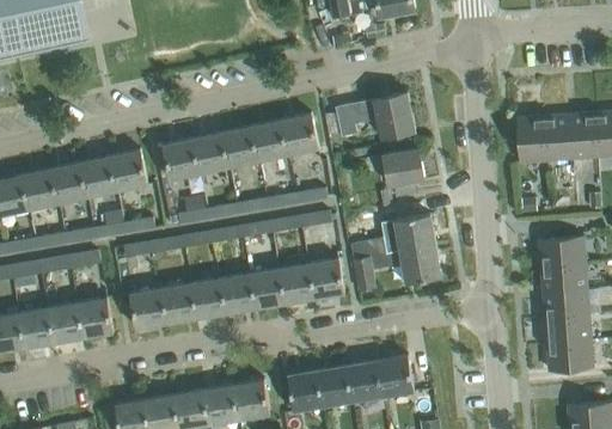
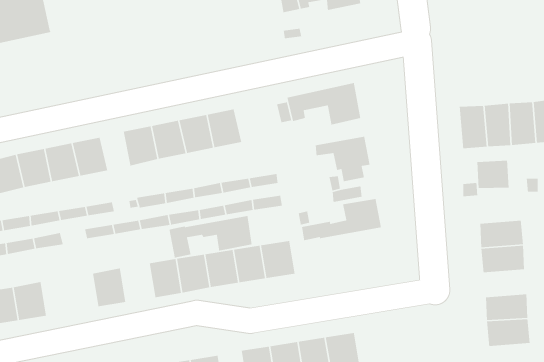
building: [281,112,319,155] -> none
building: none -> [476,160,509,189]
building: [353,245,441,290] -> [169,215,253,258]
building: [161,282,197,324] -> none
building: [543,289,589,318] -> none
building: [78,296,114,338] -> none

